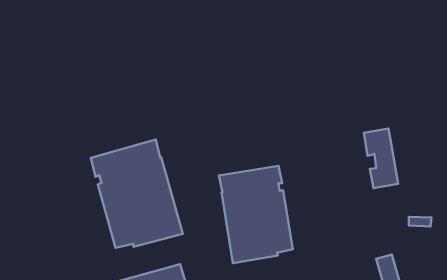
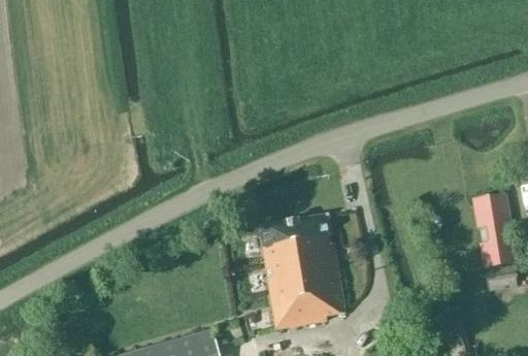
building: [364,129,398,188] -> [474,195,515,265]
building: [91,139,183,248] -> none

